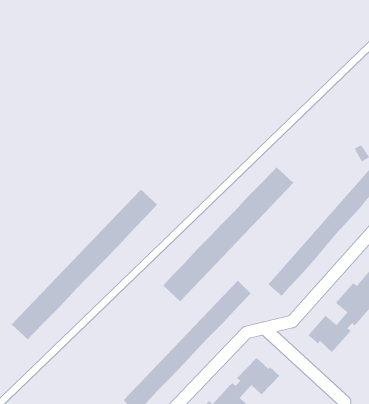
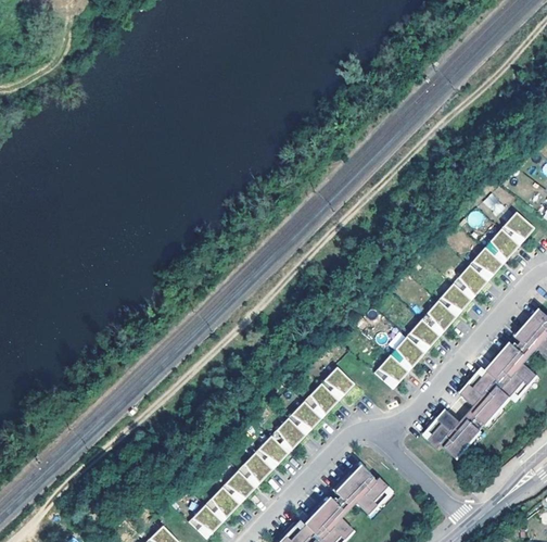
building: [162,167,294,302] -> none
building: [11,189,158,340] -> none

